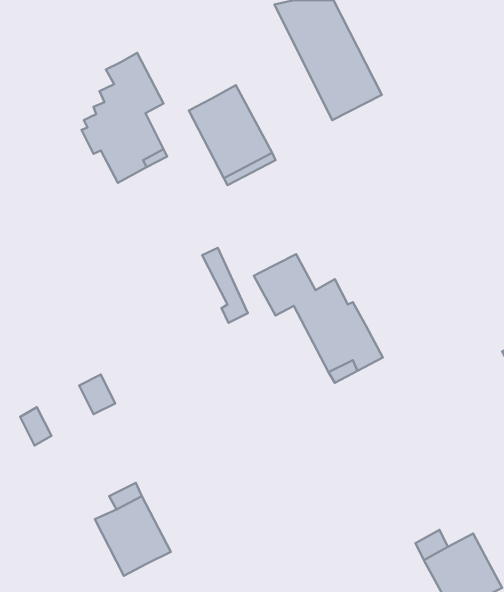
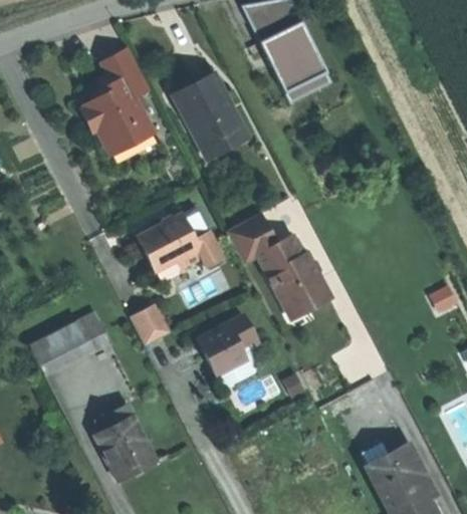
building: none -> [139,215,204,271]
building: none -> [131,304,171,345]
building: none -> [199,315,257,375]
building: none -> [45,323,92,365]

